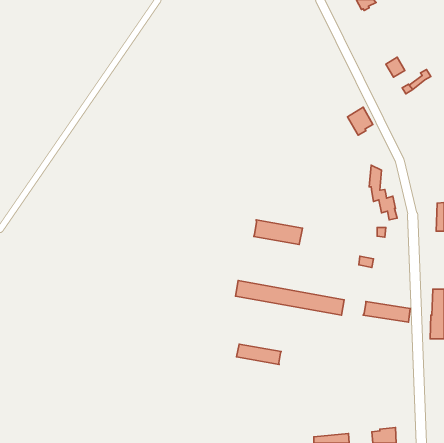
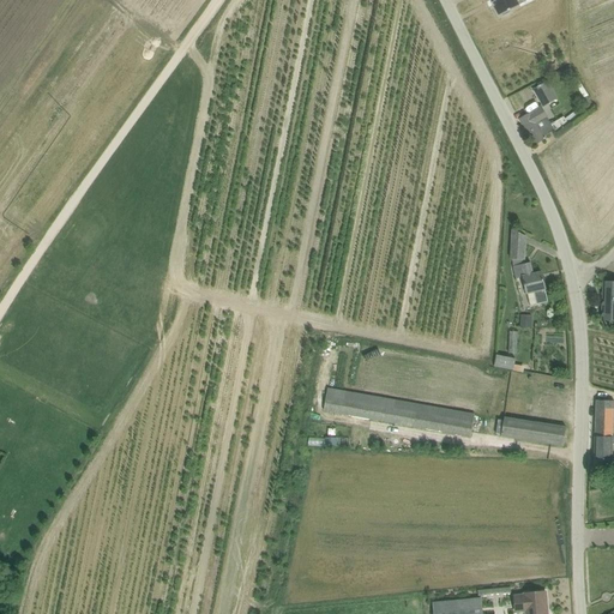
building: [348,107,373,135] -> [520,106,555,144]
building: [254,220,303,245] -> none
building: [236,344,281,364] -> none

